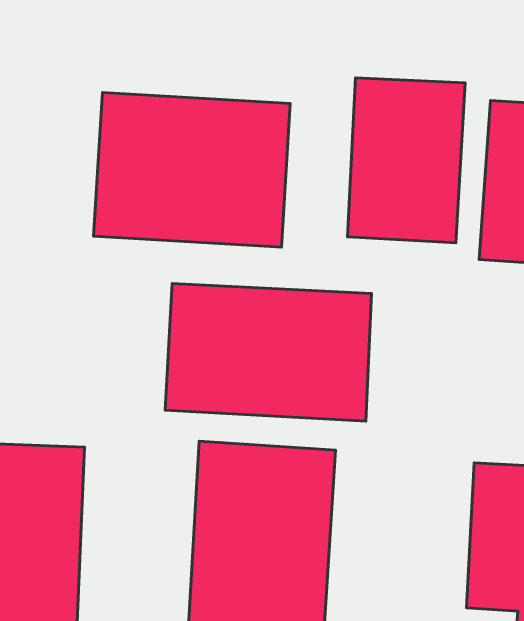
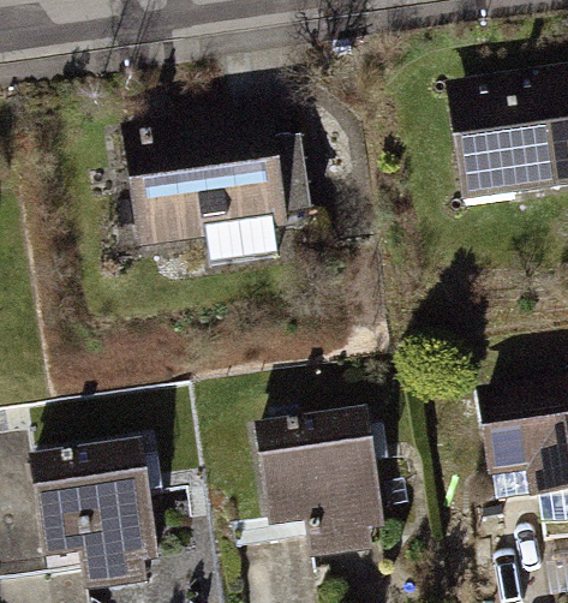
building: [347,78,465,243] -> none
building: [165,283,371,421] -> none

